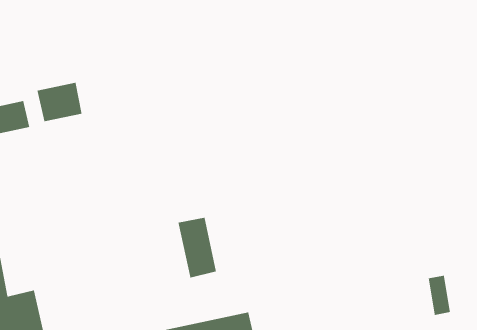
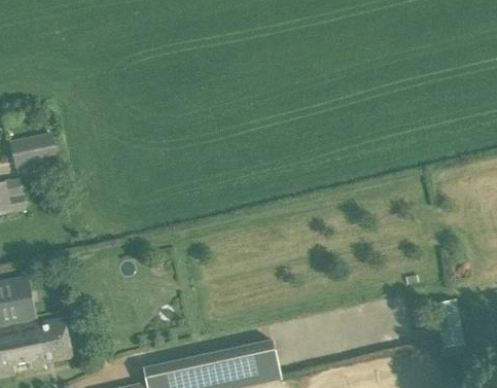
building: [36,82,83,122] -> none
building: [177,217,217,279] -> none

